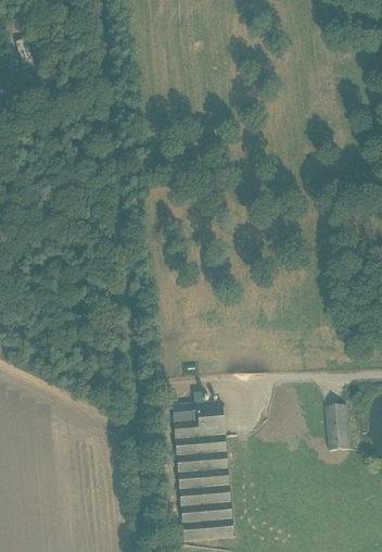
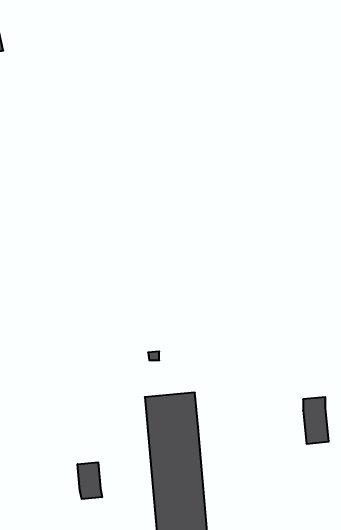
building: none -> [78,462,102,499]

